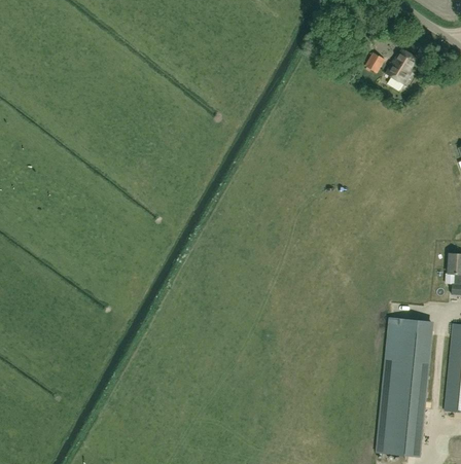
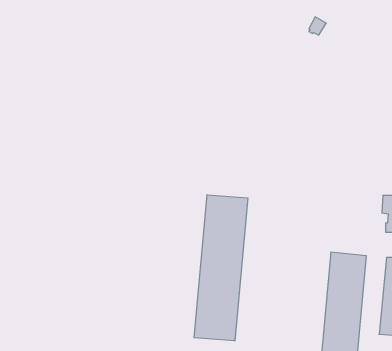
building: [385,48,417,88] -> none
building: none -> [194,195,248,341]

